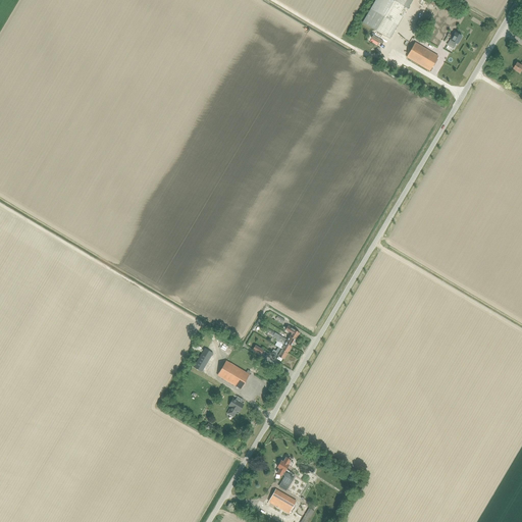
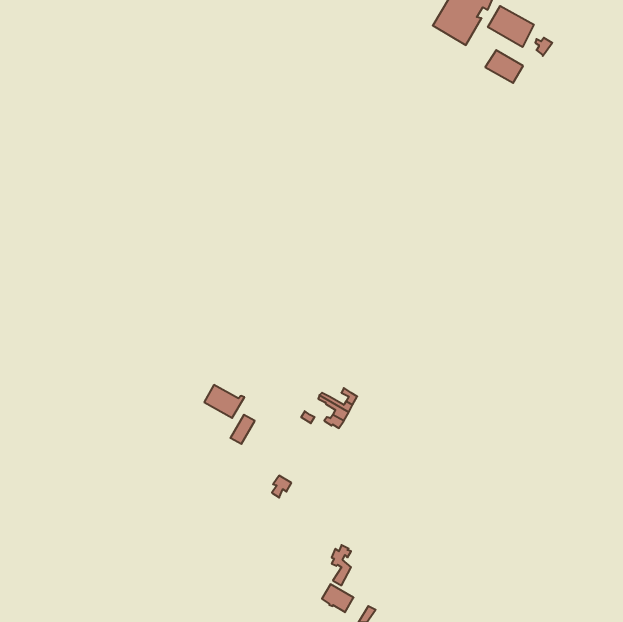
building: none -> [488,6,534,47]
building: [217,360,251,387] -> [204,385,244,418]

